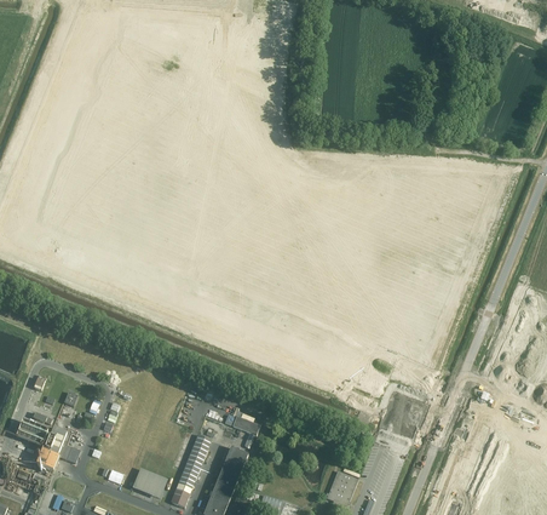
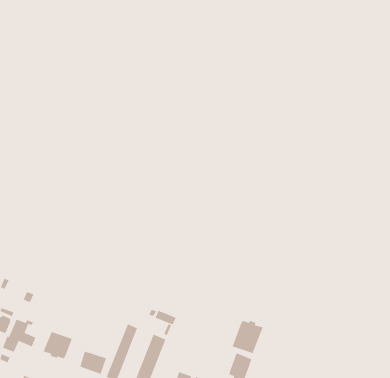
building: none -> [232,320,263,354]
building: none -> [43,331,72,359]

